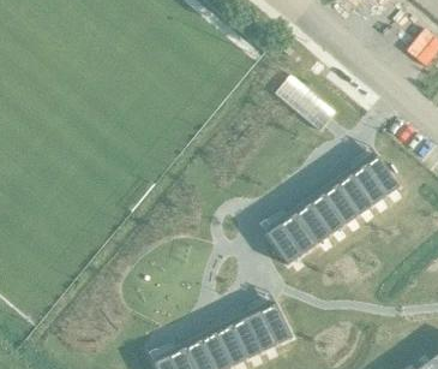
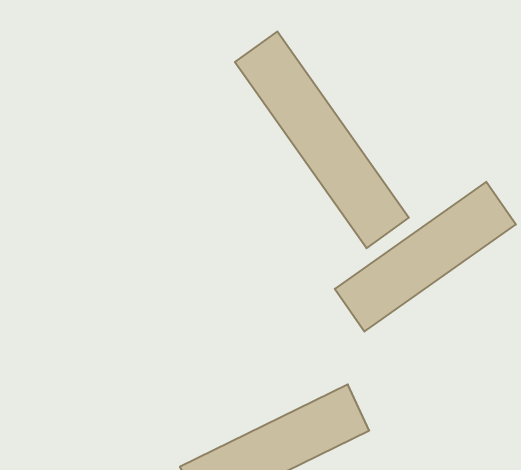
building: none -> [235,31,409,248]

